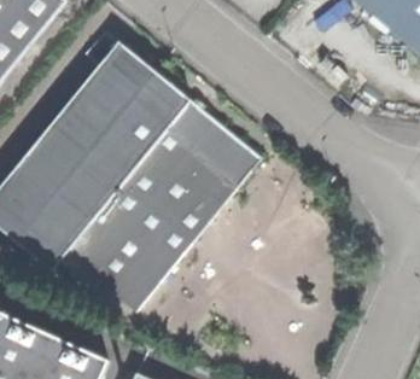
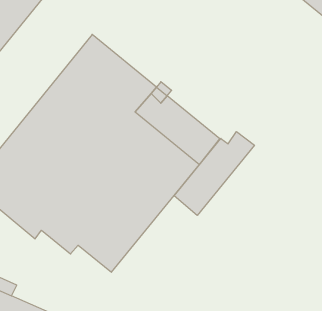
building: none -> [174,132,254,215]

